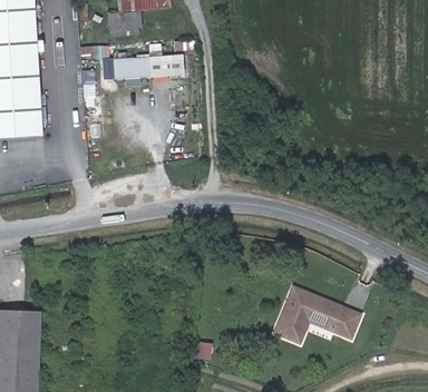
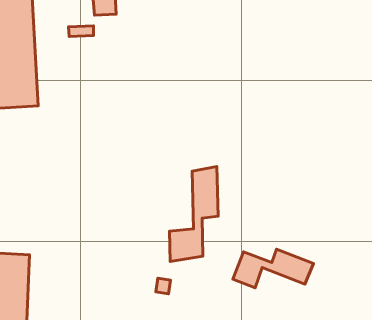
building: [113,57,184,81] -> none
building: none -> [170,166,218,261]
building: [280,286,318,314] -> none

